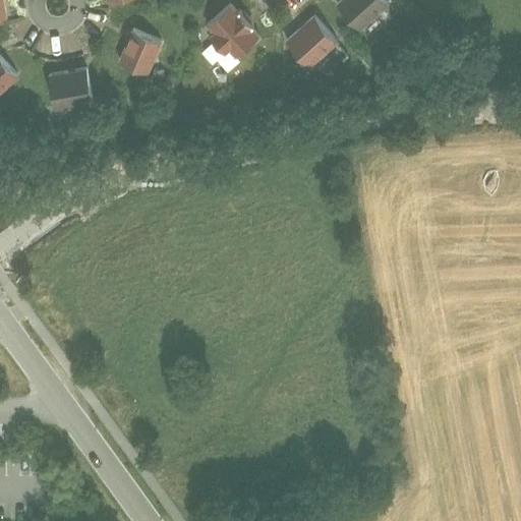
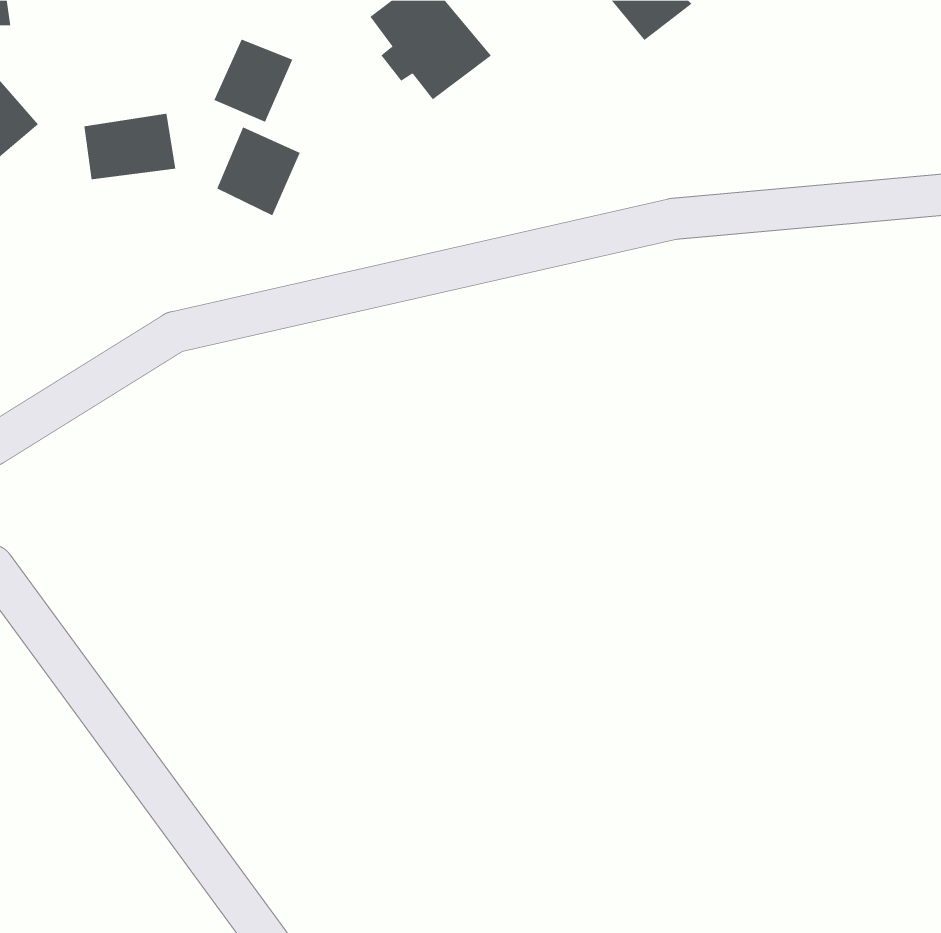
building: [285,18,333,65] -> none
building: none -> [216,127,301,216]

